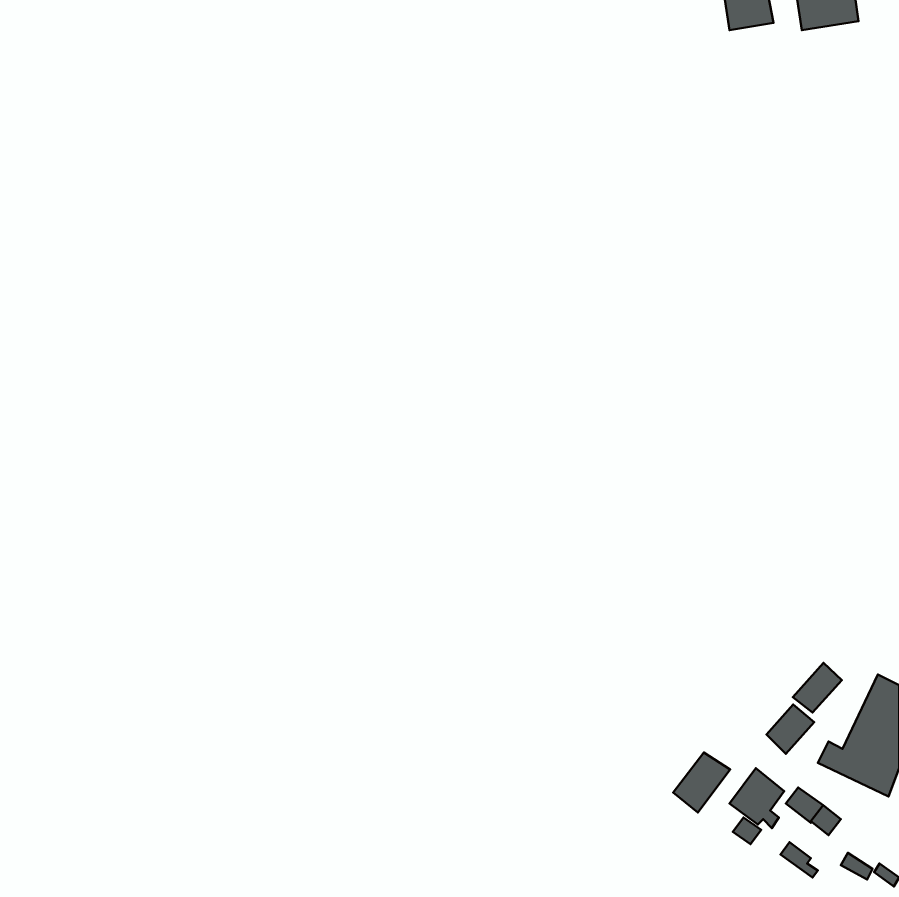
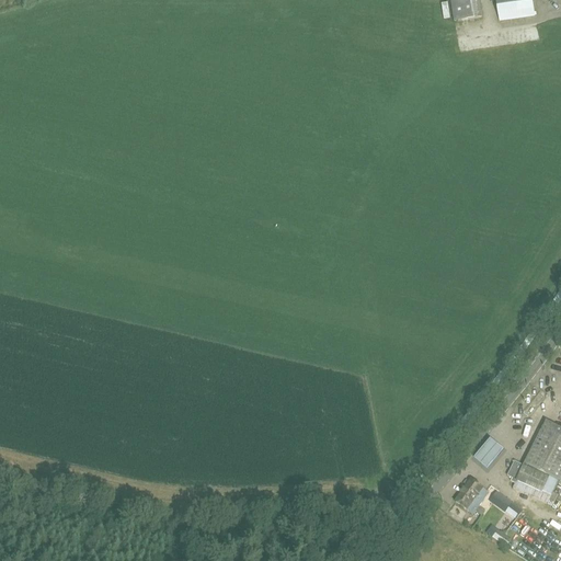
building: [793,663,842,713] -> none
building: [673,752,730,812] -> none

